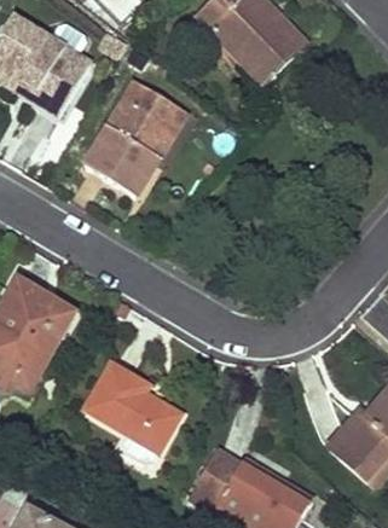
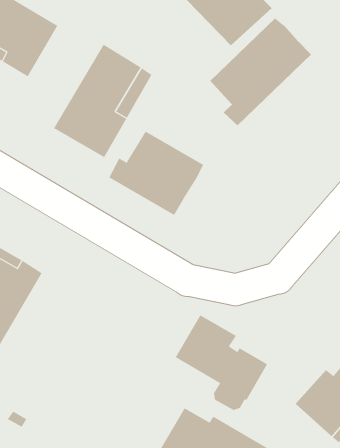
building: none -> [209,18,312,126]
building: none -> [108,131,204,216]
building: [86,364,180,462] -> [175,314,268,411]

